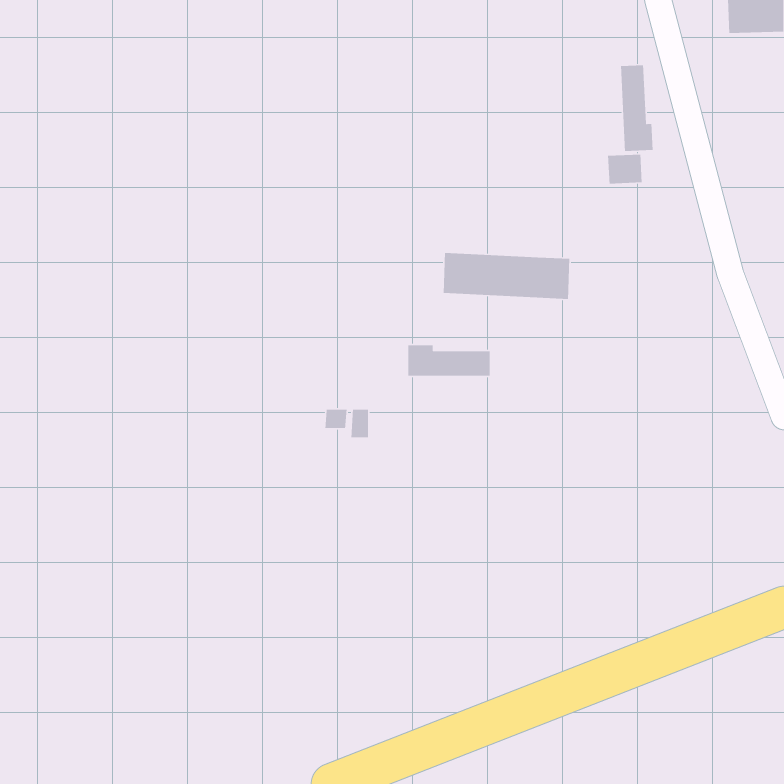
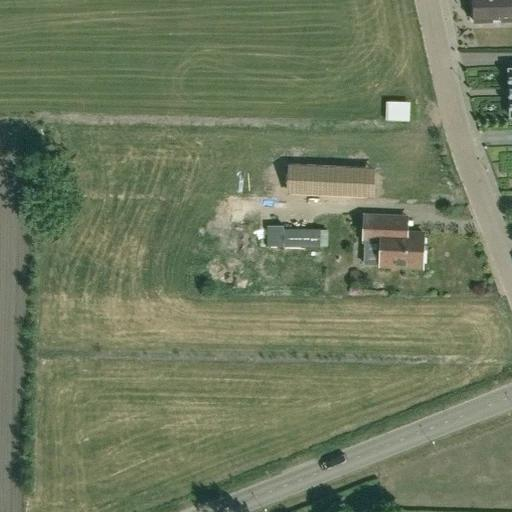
building: [620,64,654,152] -> none
building: none -> [363,214,423,267]

